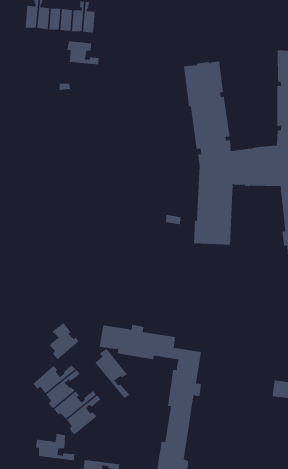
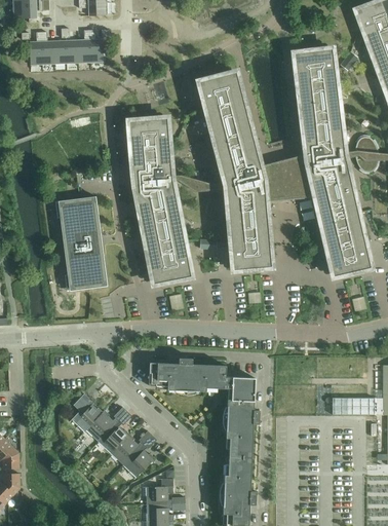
building: [67,41,99,65] -> none
building: none -> [127,120,190,280]
building: none -> [59,196,106,290]
building: [49,322,79,360] -> [71,393,102,434]
building: [95,348,130,399] -> none
building: [35,434,75,461] -> [142,478,184,503]

